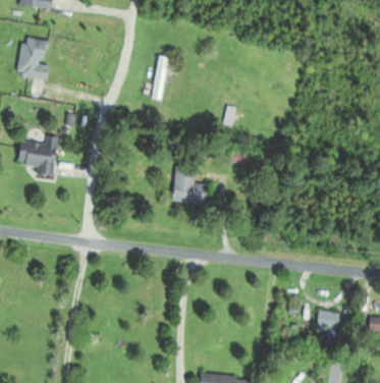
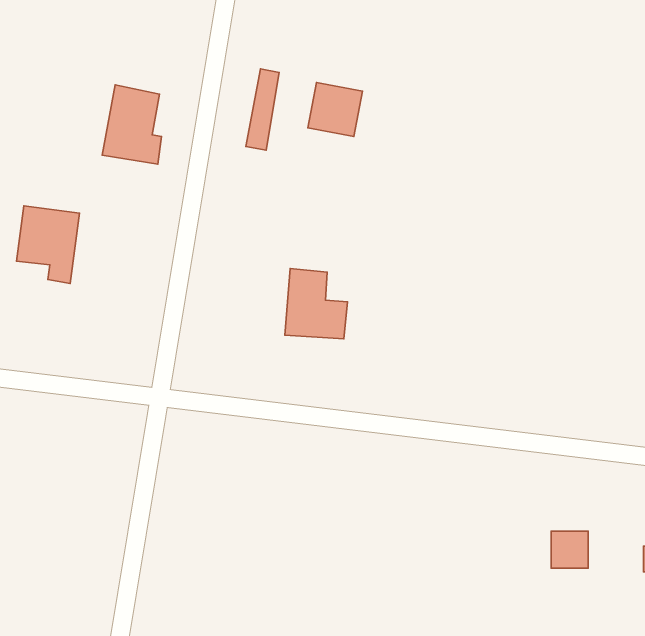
building: [18,36,51,79] -> [102,85,161,164]
building: none -> [308,82,362,137]

